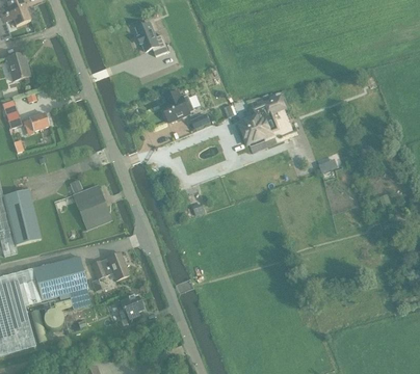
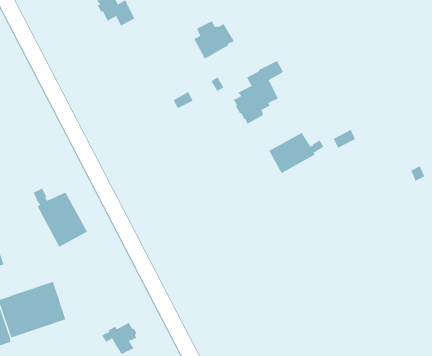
building: [162,90,195,122] -> [194,20,235,60]
building: none -> [268,132,324,174]
building: [91,252,130,281] -> none

